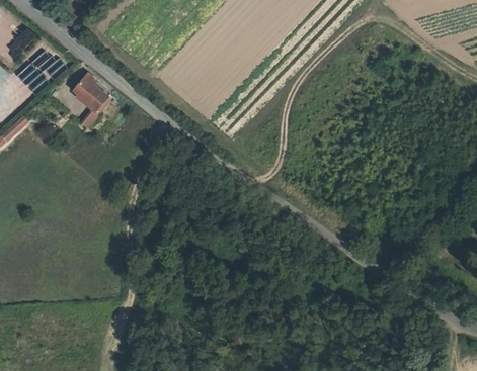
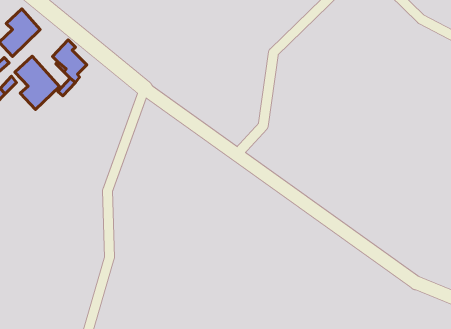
building: none -> [15,56,59,110]

